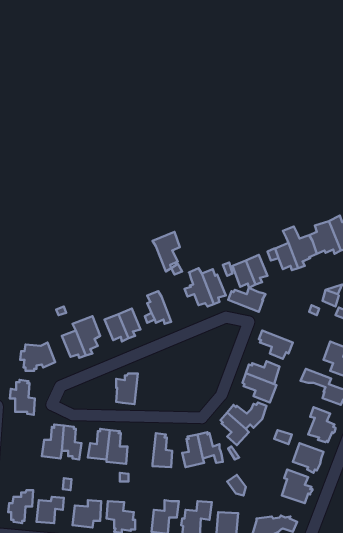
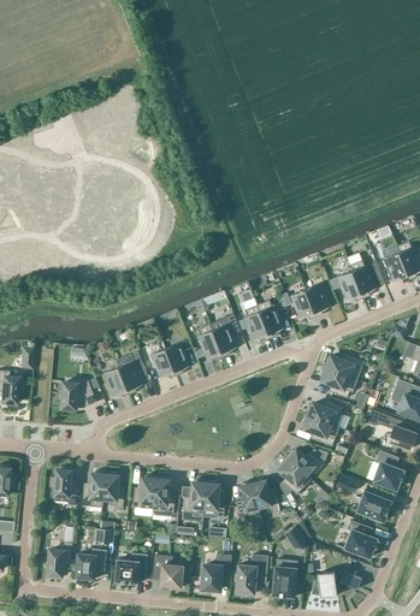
building: [153,232,180,271] -> [209,314,239,357]
building: [228,288,265,312] -> [324,354,365,380]
building: [116,373,138,404] -> [183,480,207,514]
building: [10,380,35,415] -> [49,467,77,505]

